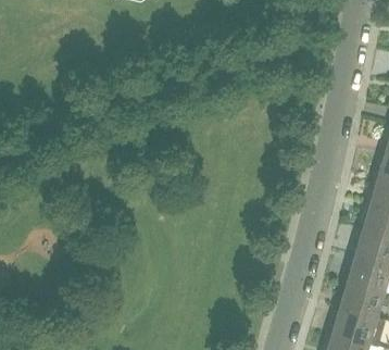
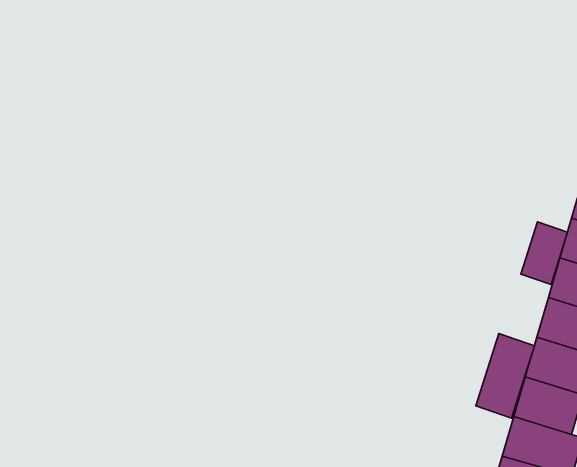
building: none -> [521,222,567,285]
building: none -> [476,333,534,418]

